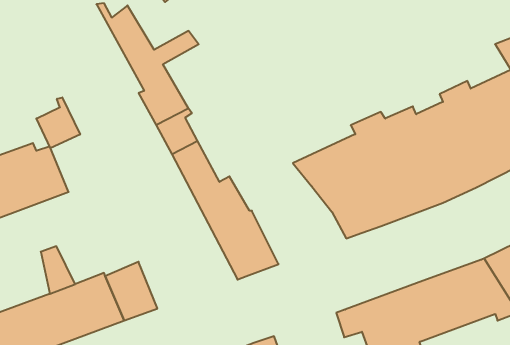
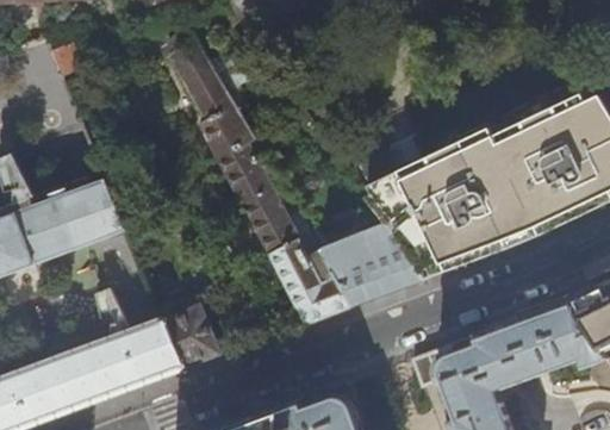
building: [36,97,80,148] -> none
building: none -> [318,224,421,307]

